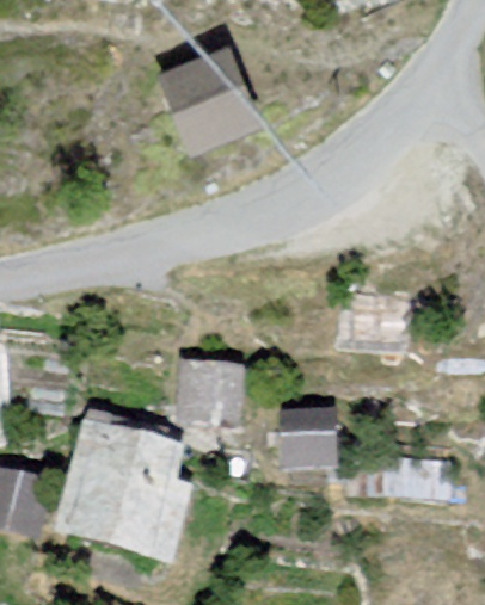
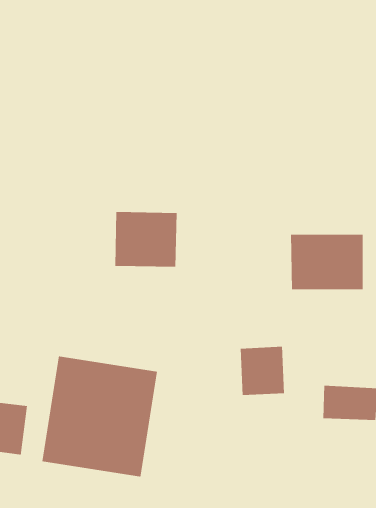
building: [160,50,266,155] -> none
building: [171,359,242,422] -> [114,212,177,267]

